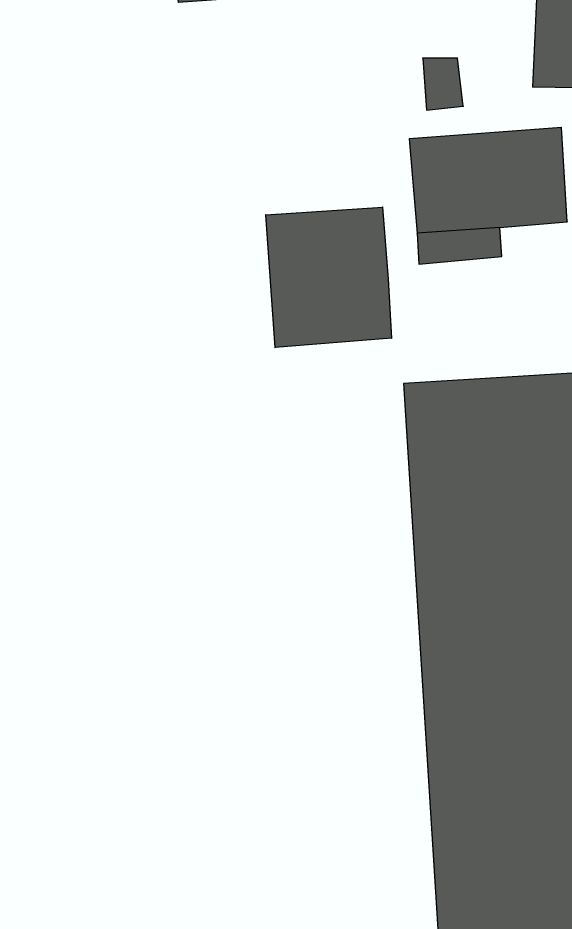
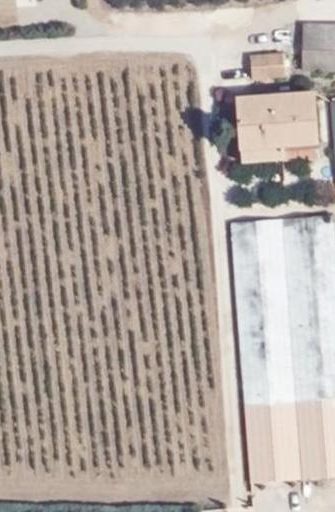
building: [266,207,392,348] -> none

